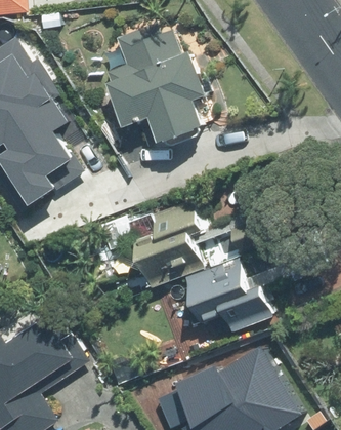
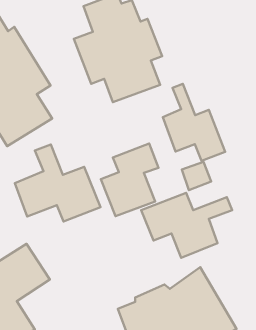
building: none -> [163,84,225,161]
building: none -> [15,144,100,221]

